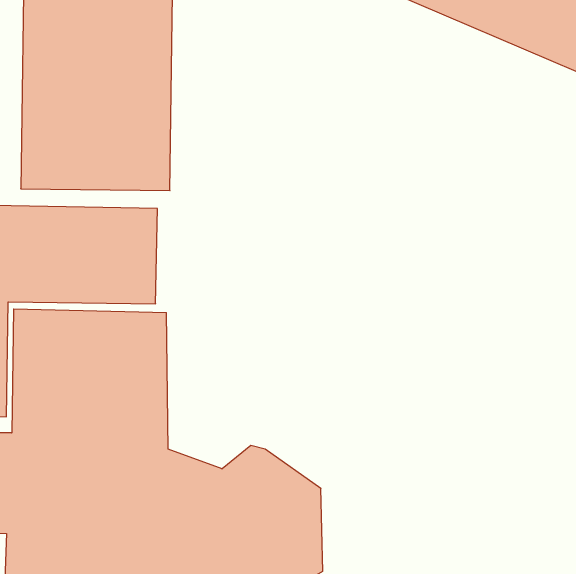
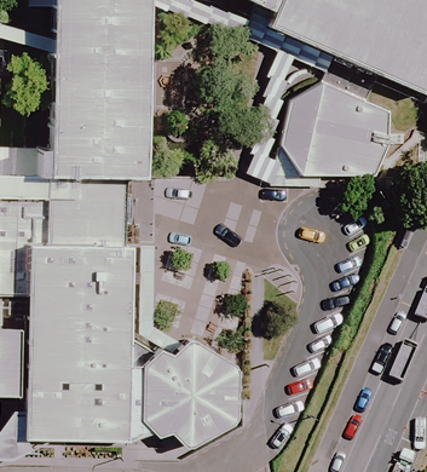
building: none -> [283,76,398,178]

